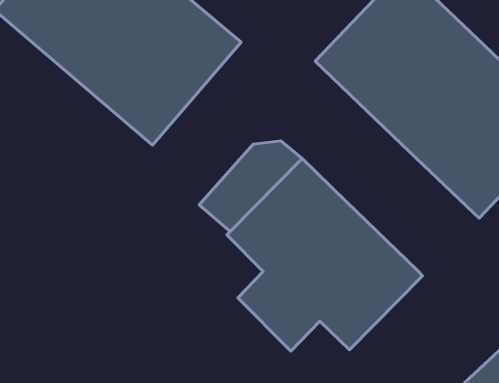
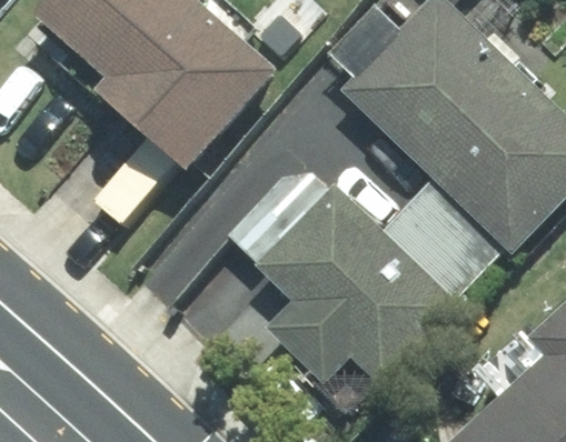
building: none -> [377,169,505,295]

